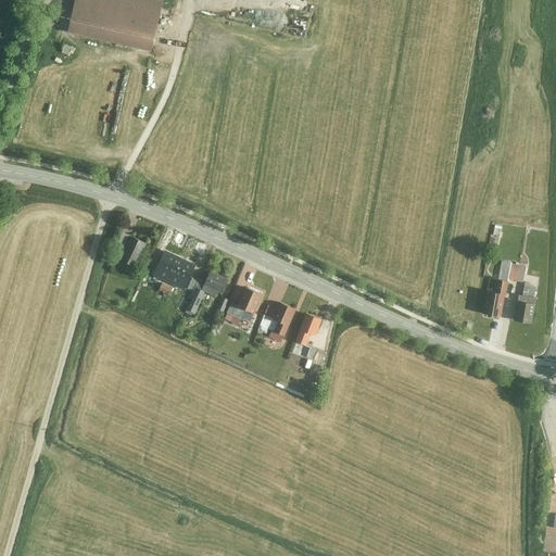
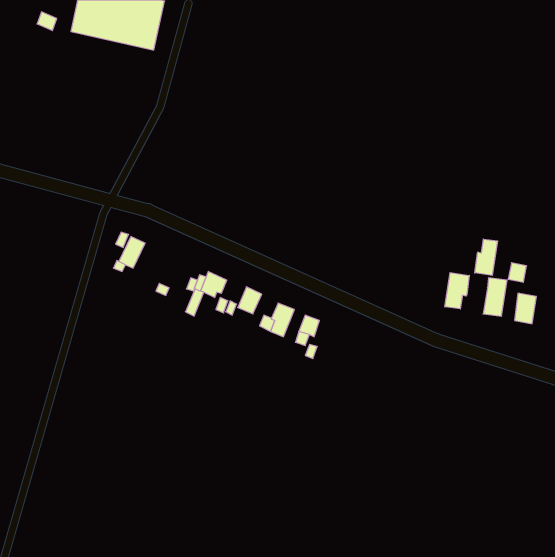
building: none -> [475,239,498,275]
building: [155,252,191,281] -> none
building: none -> [445,273,469,309]

